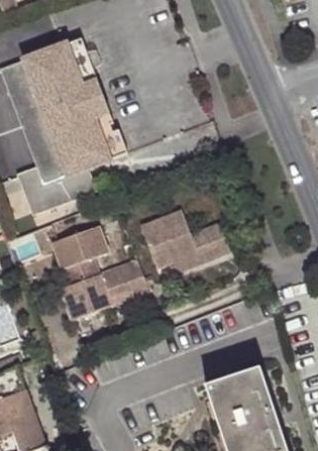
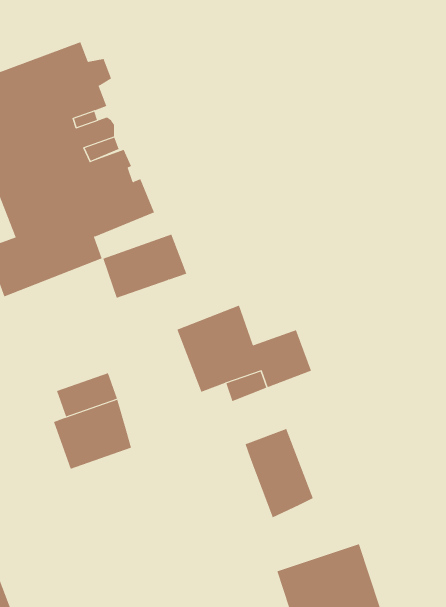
building: [51,223,107,265] -> [102,234,187,299]
building: [101,257,146,295] -> none
building: none -> [245,428,313,518]

